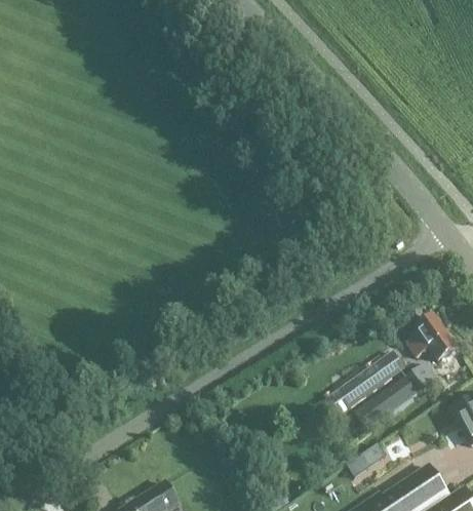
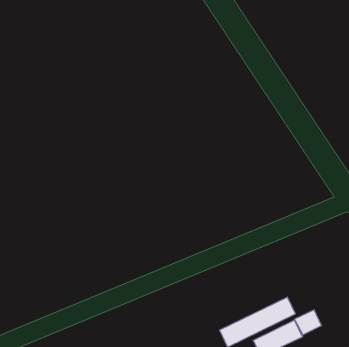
building: [406,318,458,363] -> none

